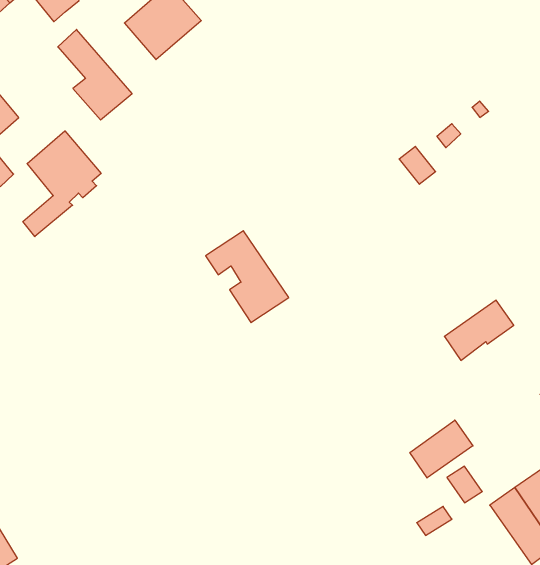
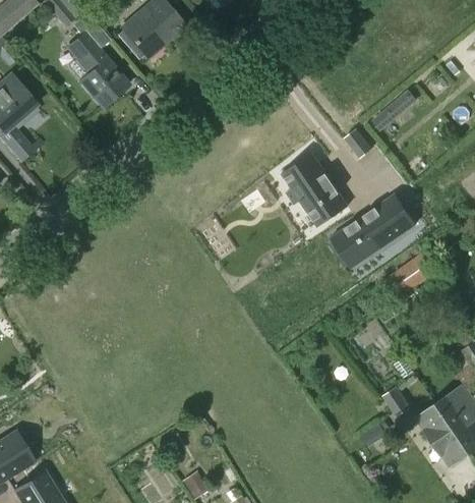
building: [23,131,101,237] -> none
building: [206,231,289,323] -> [285,152,352,226]
building: none -> [337,199,412,266]
building: [410,420,473,478] -> none

